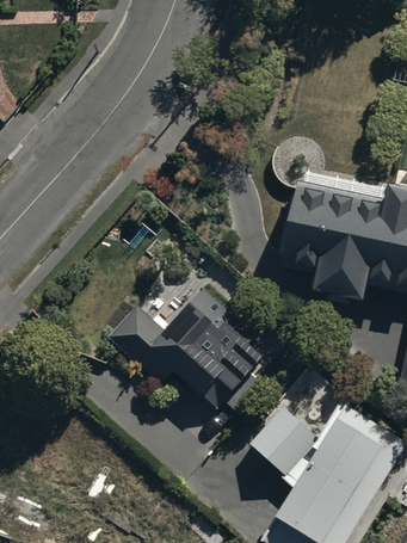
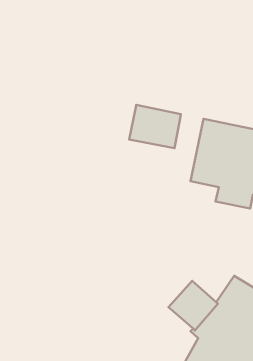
building: none -> [129,105,181,148]
building: [103,282,261,403] -> none

